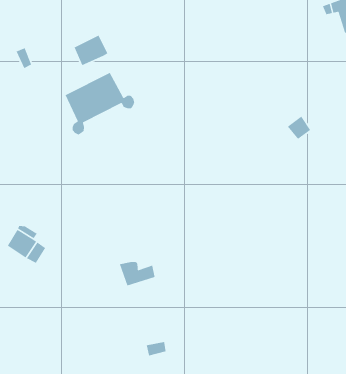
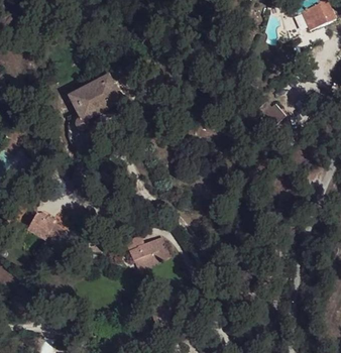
building: [74,35,109,66] -> none
building: none -> [133,236,169,268]

